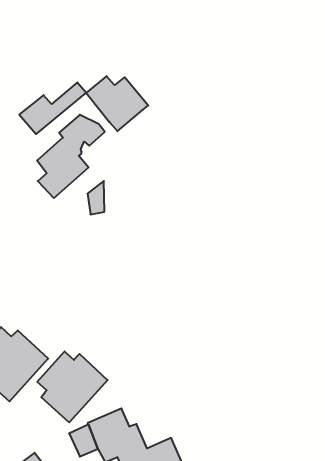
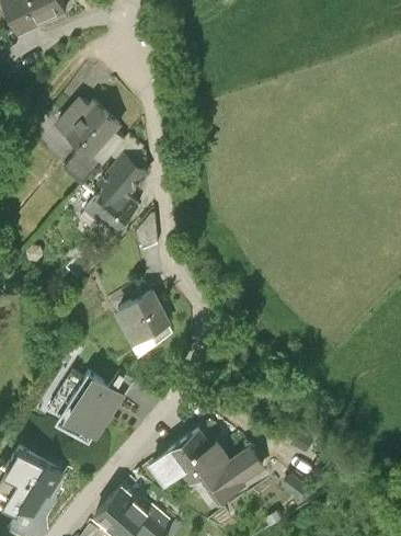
building: [86,76,148,131] -> [57,99,118,151]
building: none -> [118,295,167,344]
building: [37,351,108,422] -> none

